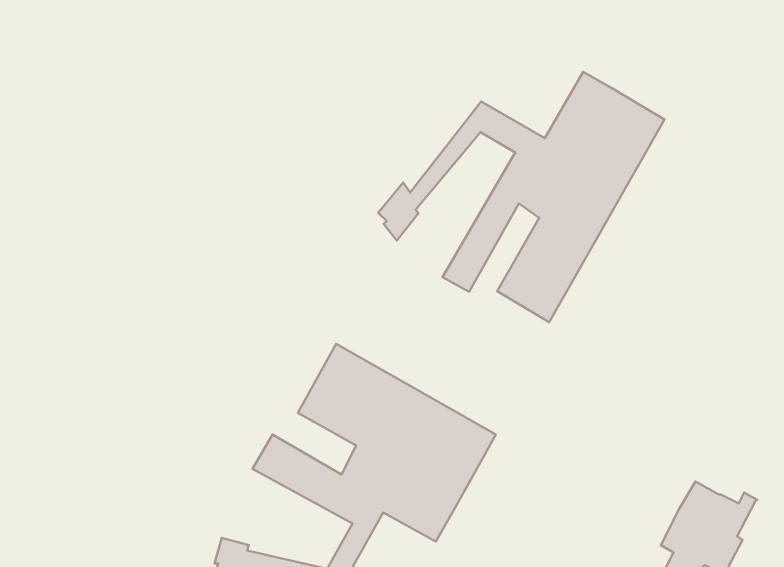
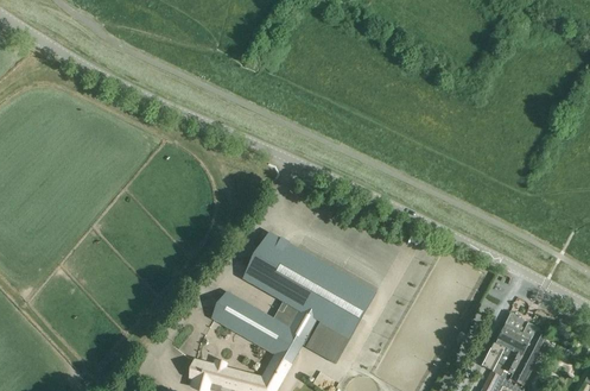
building: [378,72,665,322] -> none

